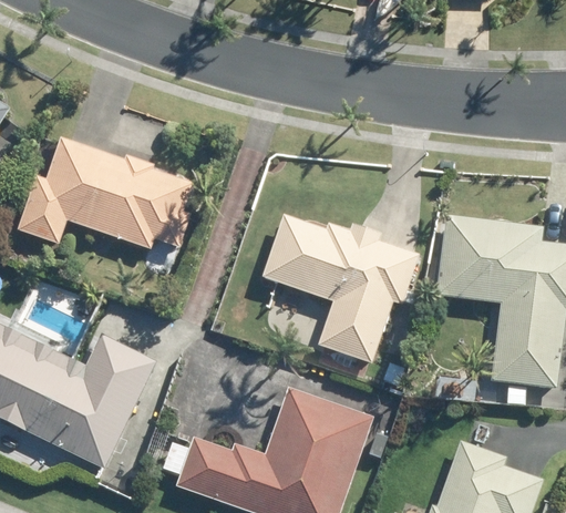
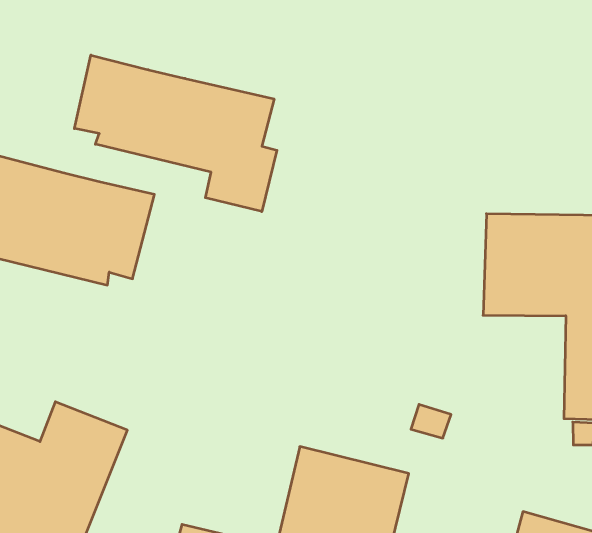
building: none -> [74,55,277,212]
building: [261,215,408,362] -> none

